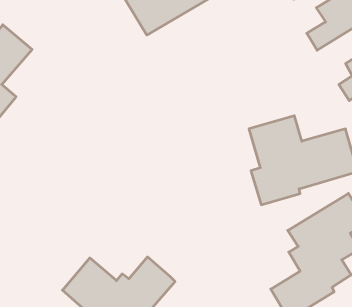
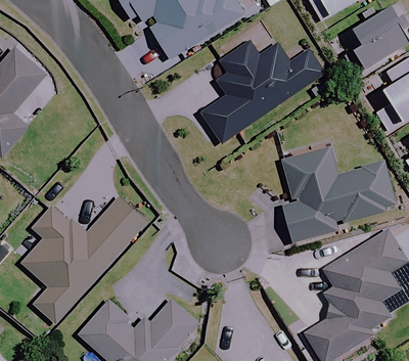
building: none -> [201,44,325,143]
building: none -> [22,196,146,323]

